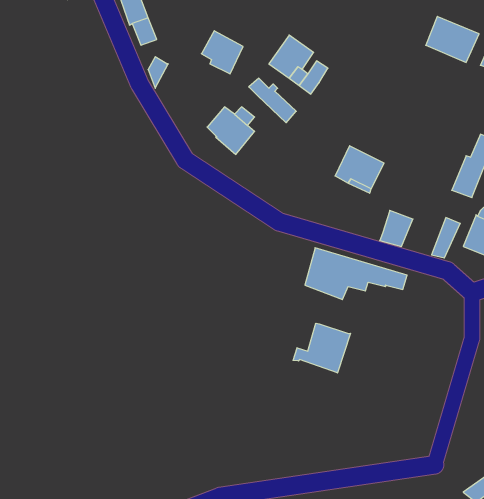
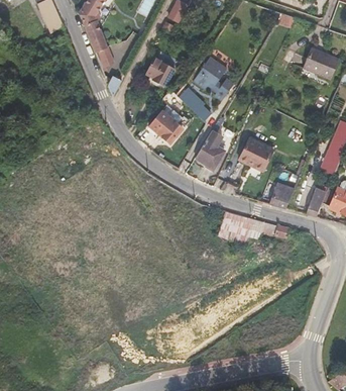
building: none -> [196,128,227,168]
building: [293,323,350,373] -> none

